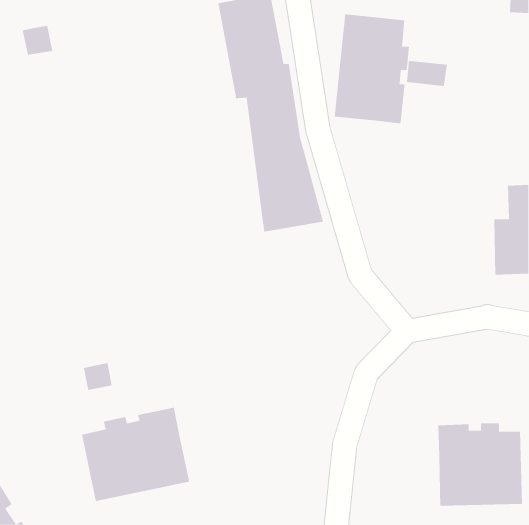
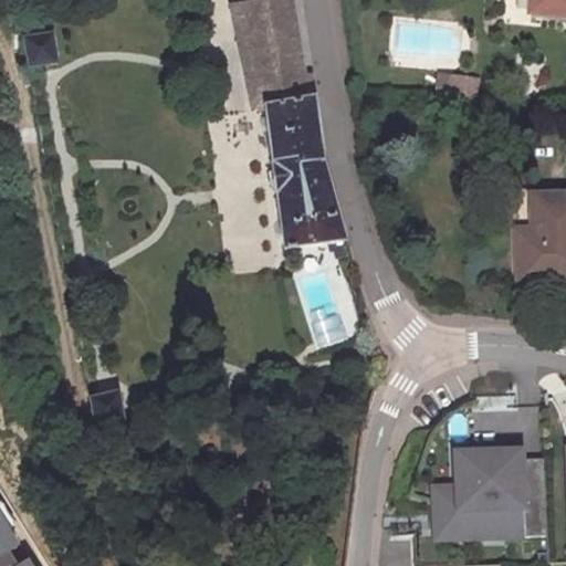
building: [334,13,409,124] -> none
building: [82,407,190,502] -> none
building: none -> [441,484,467,538]

